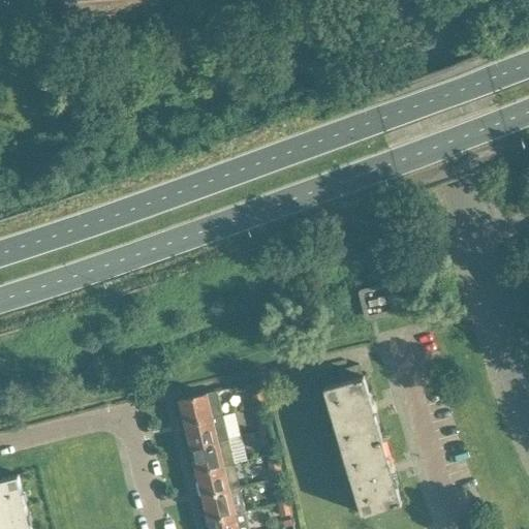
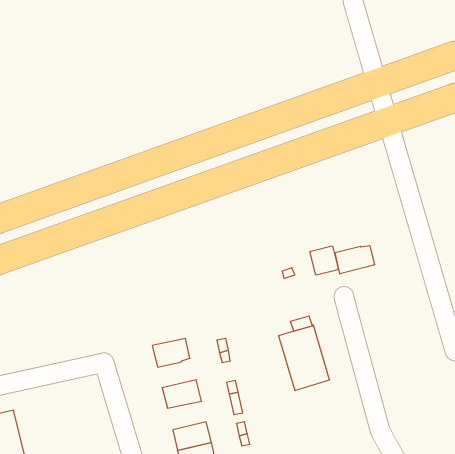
building: none -> [335,246,374,274]
building: [182,417,226,452] -> none
building: [340,442,399,519] -> none
building: [193,467,238,500] -> none

